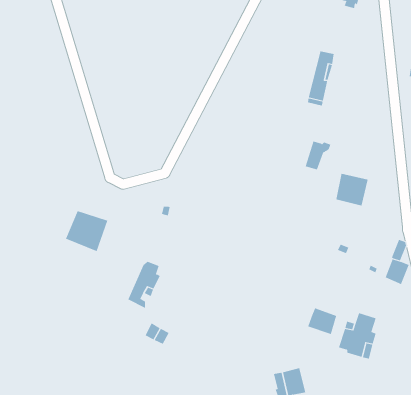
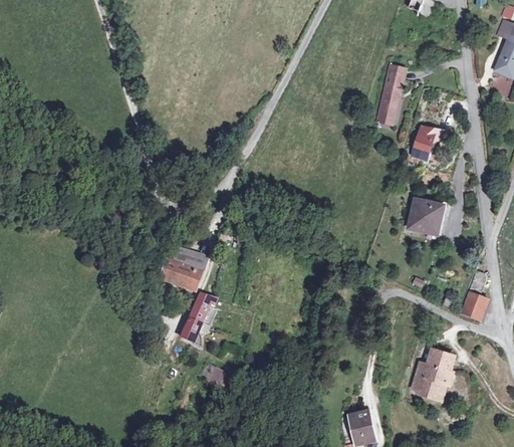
building: [305,141,331,170] -> [411,127,440,159]
building: [65,210,108,252] -> [159,245,206,290]
building: [308,308,337,335] -> none

